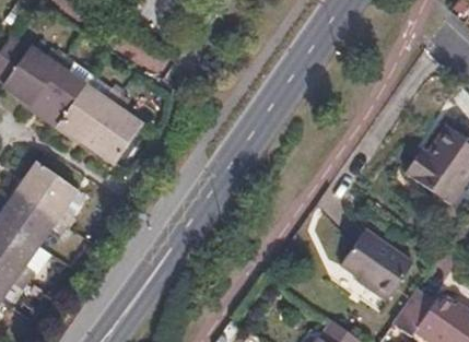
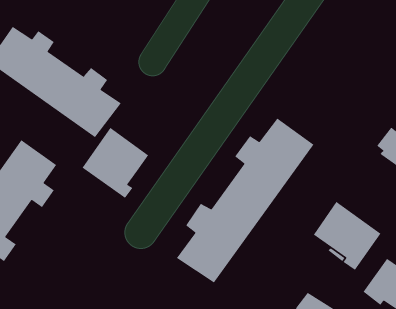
building: none -> [176,117,314,284]
building: none -> [81,127,149,199]

